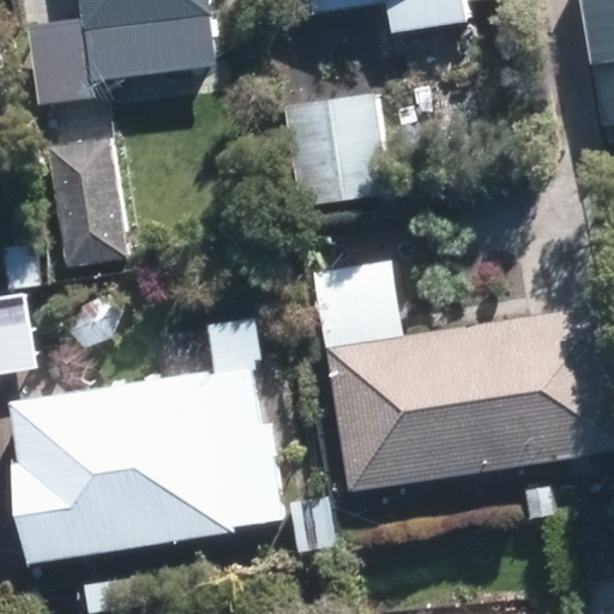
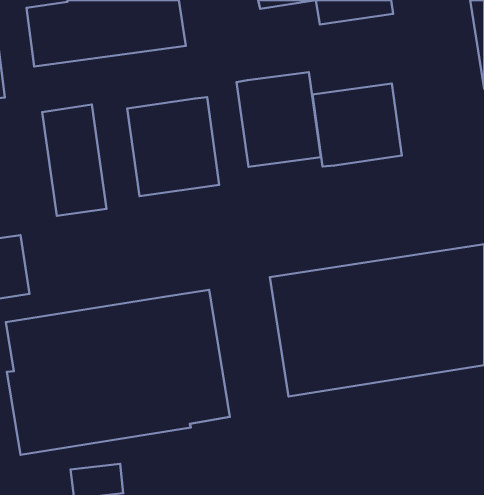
building: none -> [313,83,402,167]
building: none -> [127,97,219,196]

